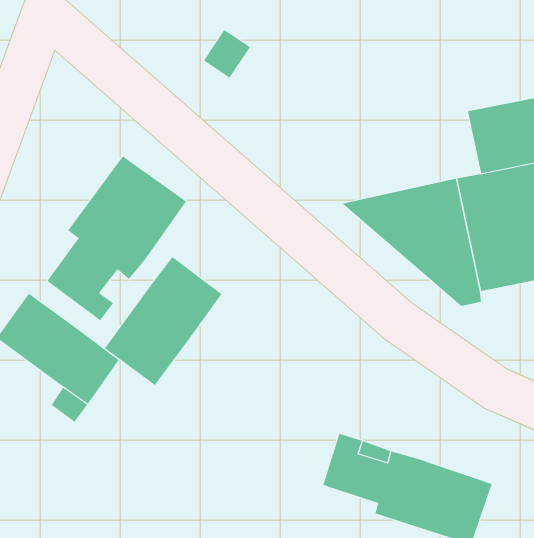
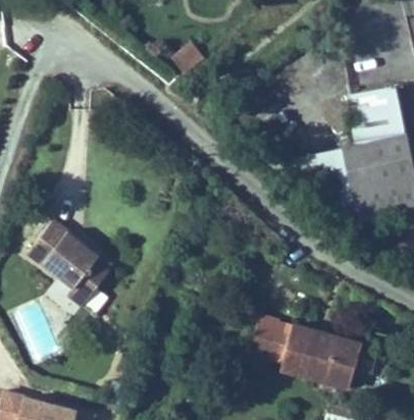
building: [47,156,187,321] -> none
building: [104,256,222,386] -> none

